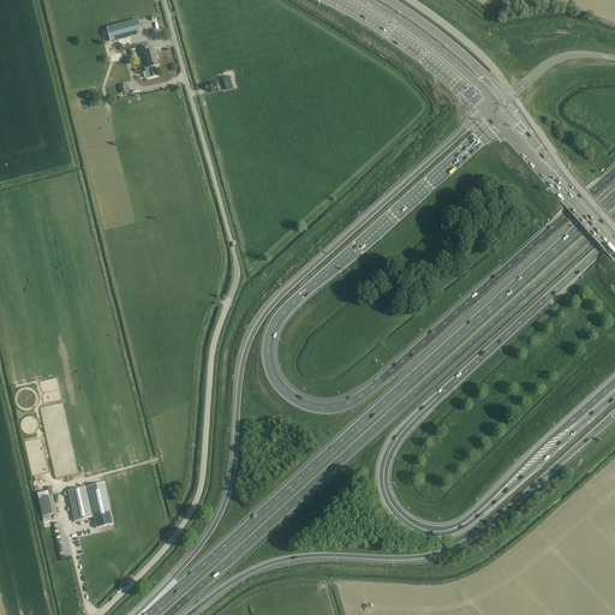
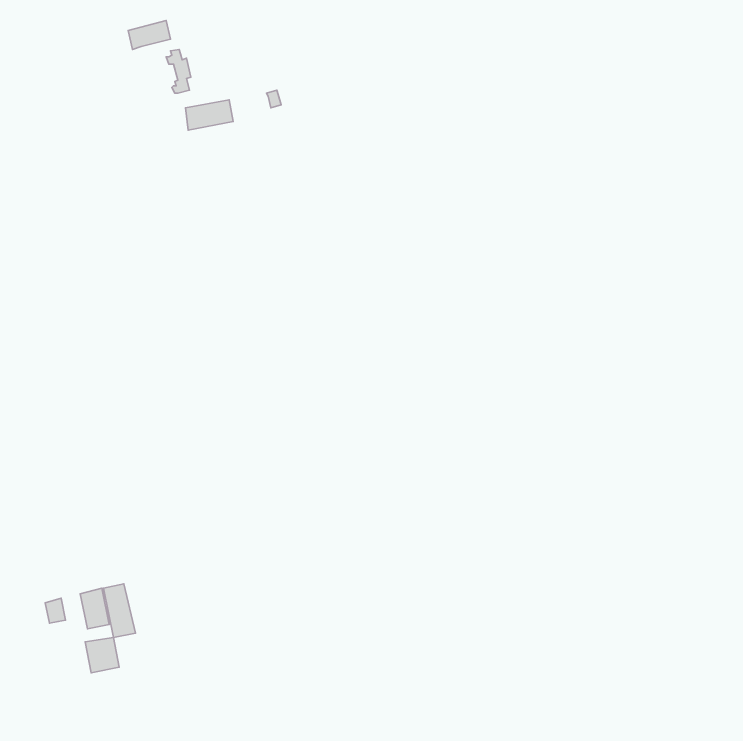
building: none -> [186,100,233,130]
building: none -> [85,637,119,673]

